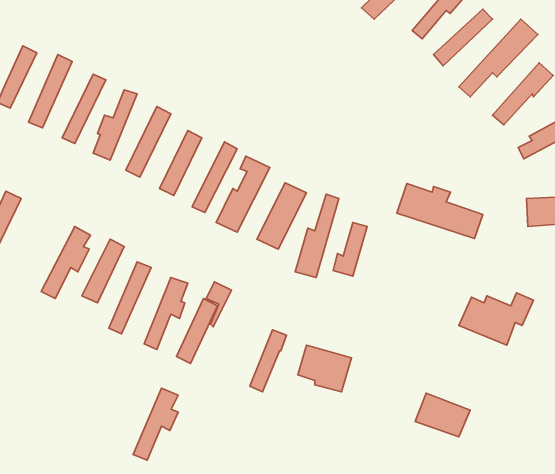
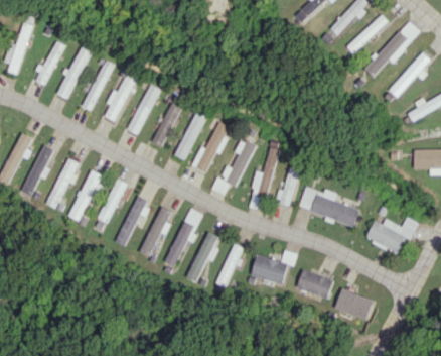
building: [397,184,483,239] -> [299,187,360,226]
building: none -> [46,157,79,211]
building: none -> [296,268,333,298]
building: [133,388,178,460] -> [186,231,218,282]

